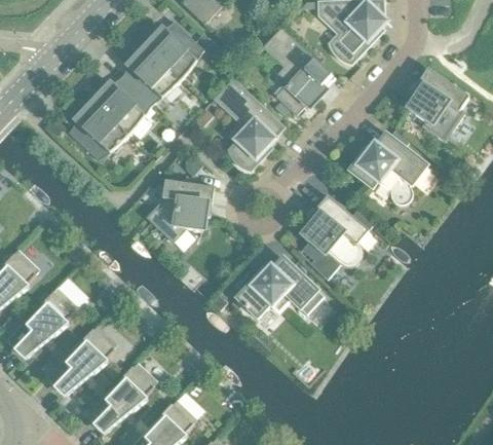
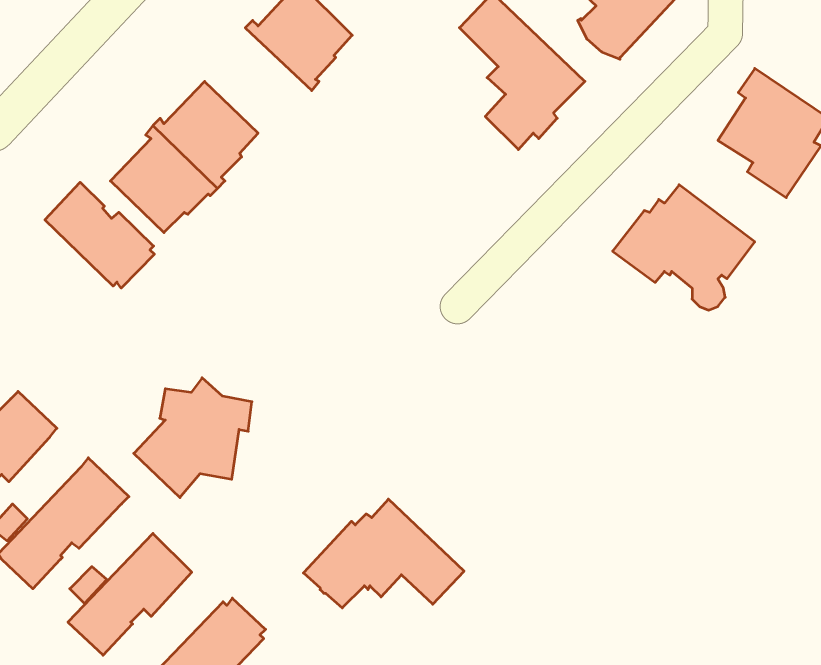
building: [121,46,181,105] -> none
building: [215,78,283,170] -> none
building: none -> [45,182,154,288]
building: [148,175,214,242] -> [134,378,252,498]
building: [301,195,374,280] -> none
building: [235,257,325,318] -> [303,499,464,608]

